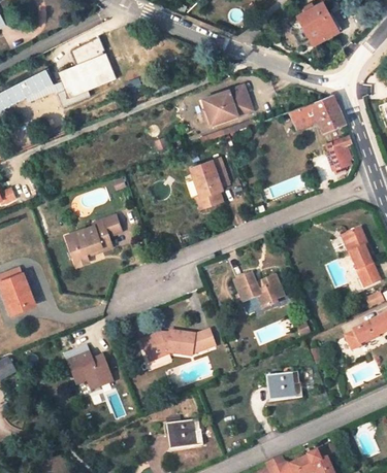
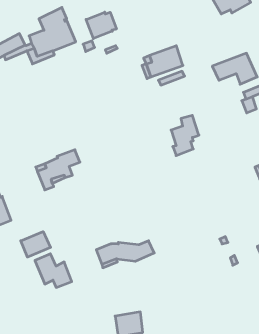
building: none -> [86,12,116,39]
building: [194,158,229,208] -> [171,115,199,156]
building: [234,274,284,308] -> none
building: none -> [21,232,51,257]
building: [266,372,300,400] -> none

